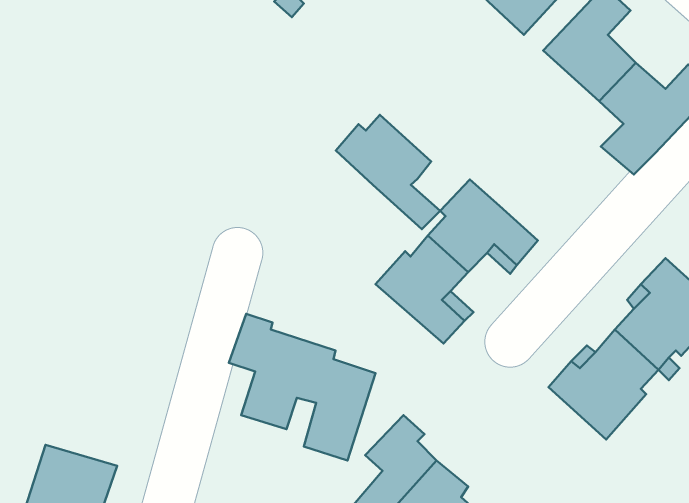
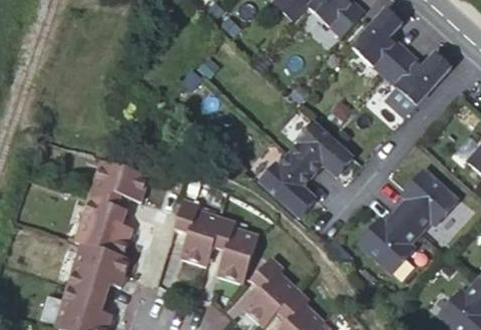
building: [336,115,440,229] -> none
building: none -> [68,159,149,290]

